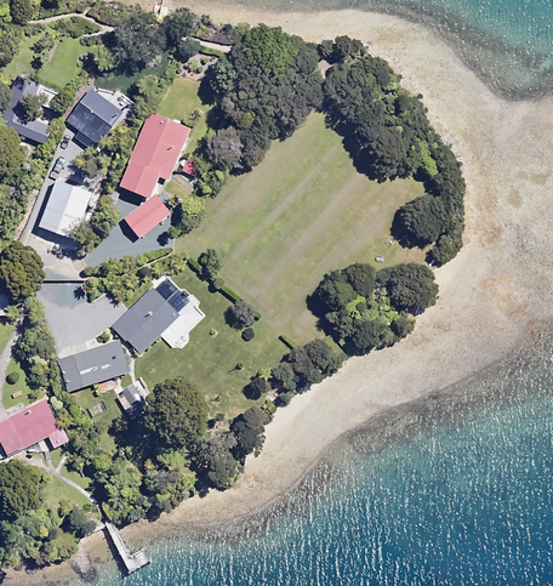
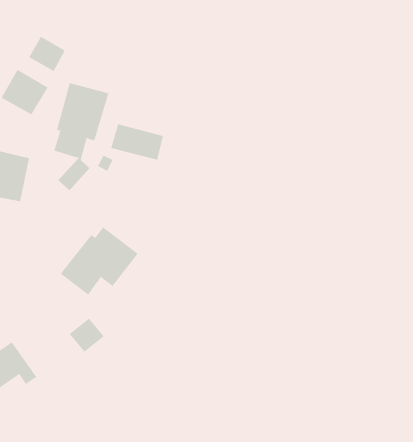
building: none -> [29,36,66,72]
building: none -> [110,124,164,161]
building: [56,340,127,392] -> none

